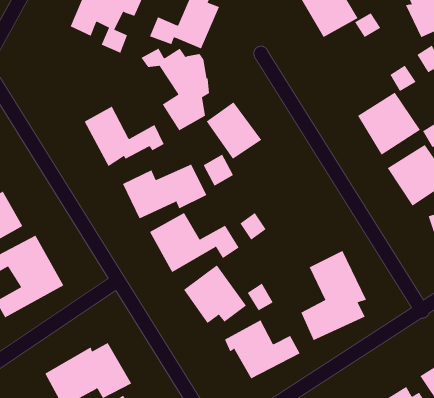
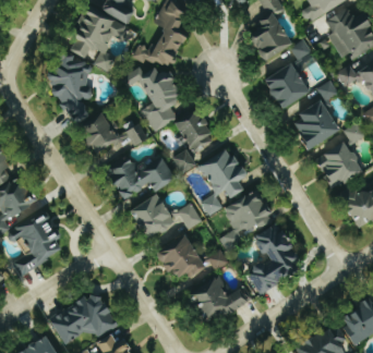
building: none -> [48,53,93,121]
building: none -> [263,63,309,109]
building: none -> [198,147,245,198]
building: none -> [216,190,273,249]

